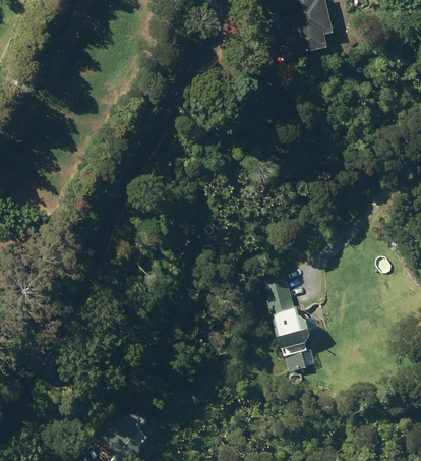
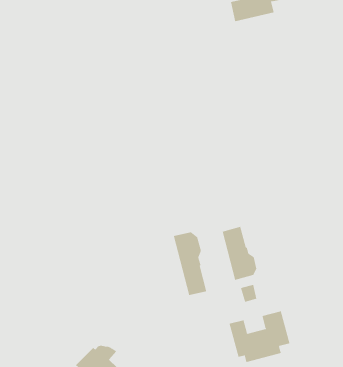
building: none -> [173,231,207,296]
building: none -> [229,311,290,363]

